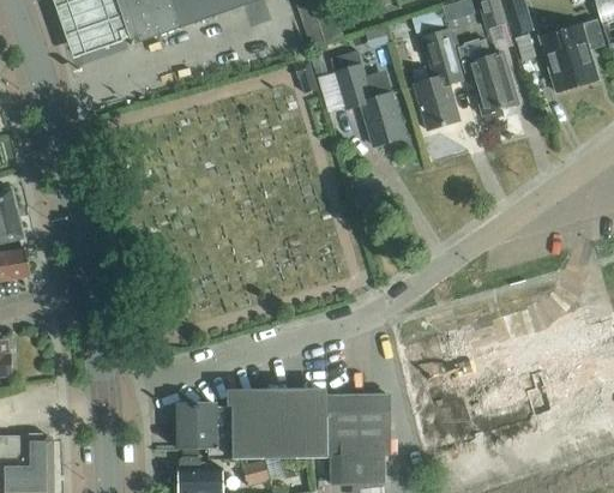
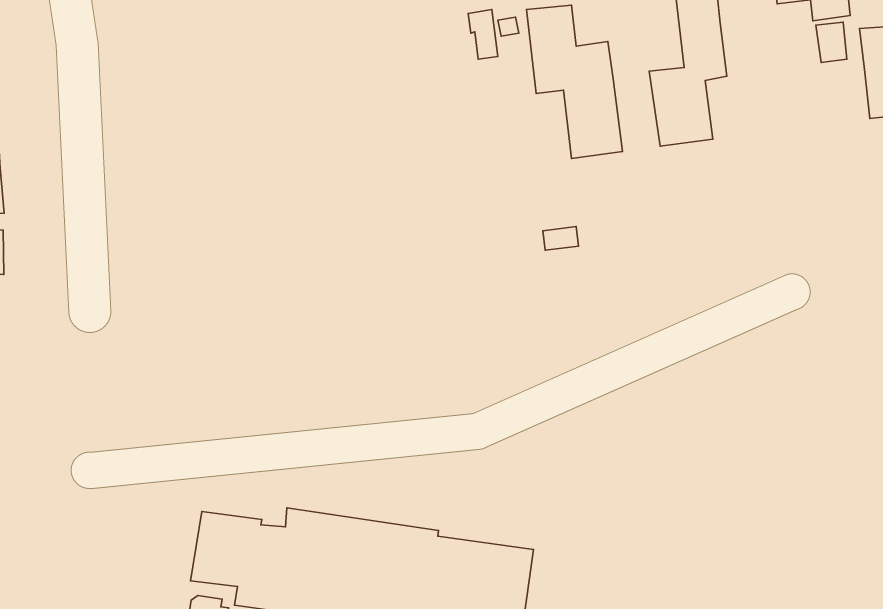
building: [457,37,517,121] -> none

